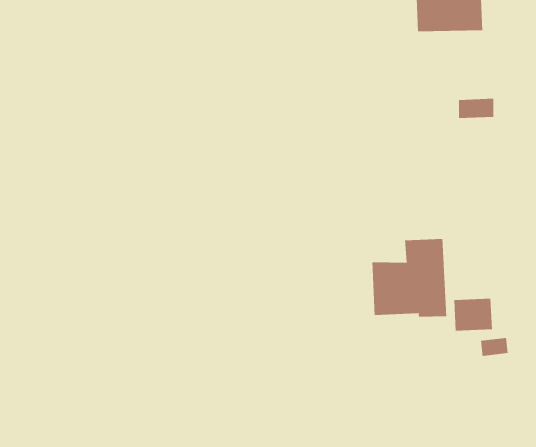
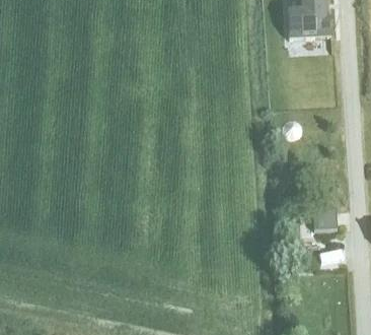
building: [372,238,447,317] -> none

